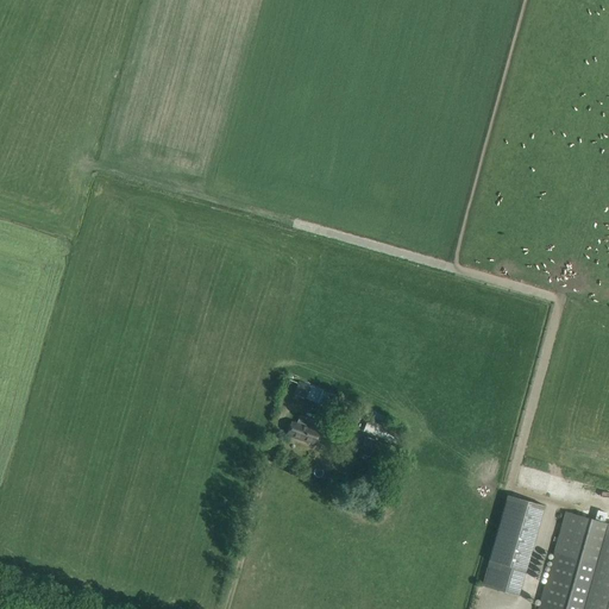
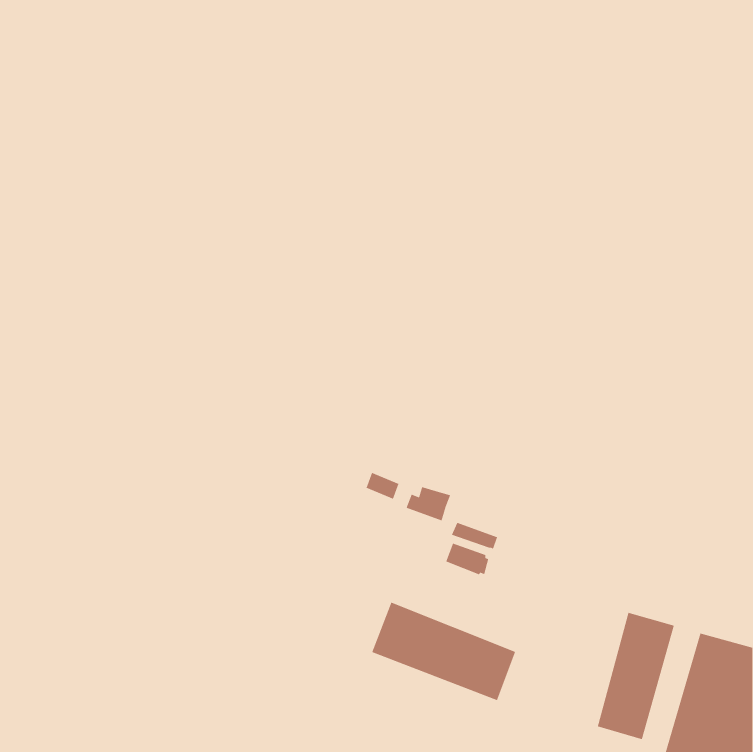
building: [287,417,324,446] -> [405,486,451,521]
building: none -> [371,602,516,701]

